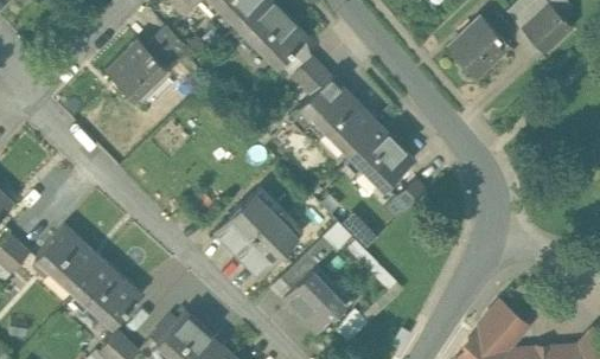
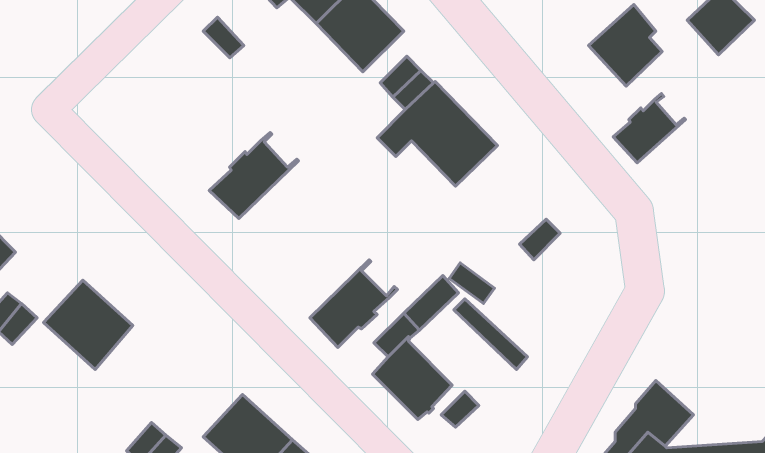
building: [104,40,165,101] -> none
building: none -> [613,94,685,163]
building: [346,124,414,192] -> none
building: [213,190,281,255] -> [209,133,298,219]
building: [74,261,141,328] -> none

